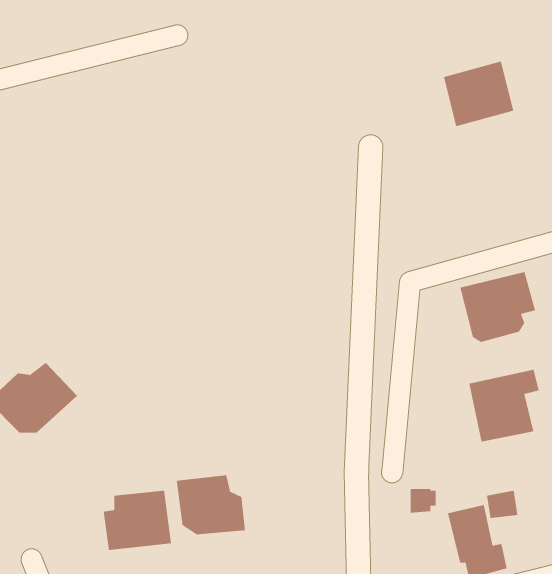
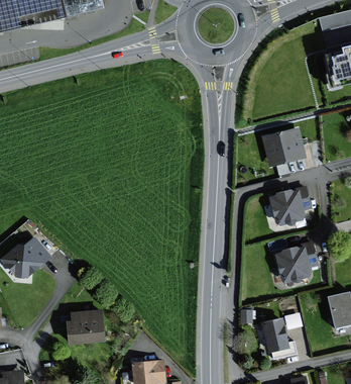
building: [443,61,514,127] -> [263,128,304,166]
building: [176,475,246,535] -> none

